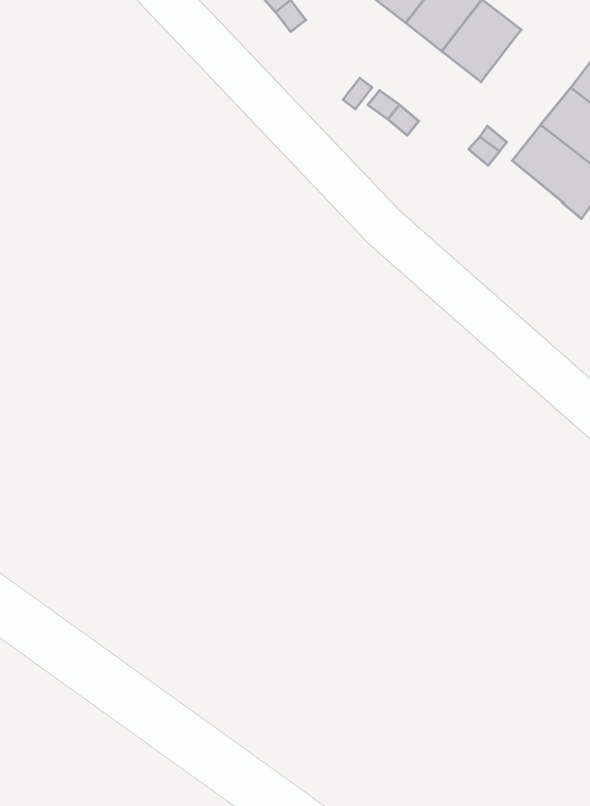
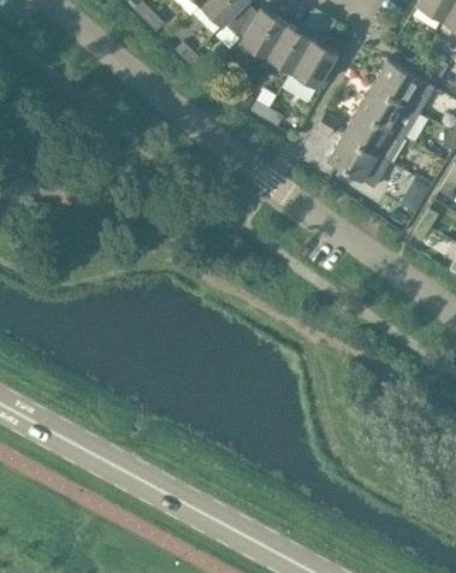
building: none -> [326,135,377,182]

